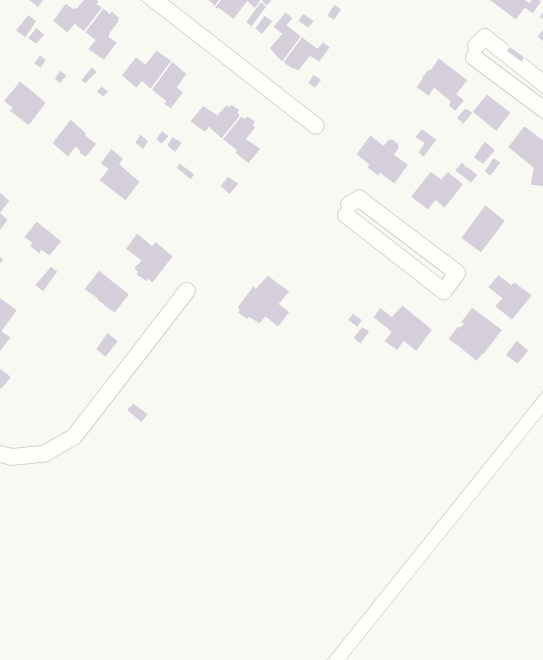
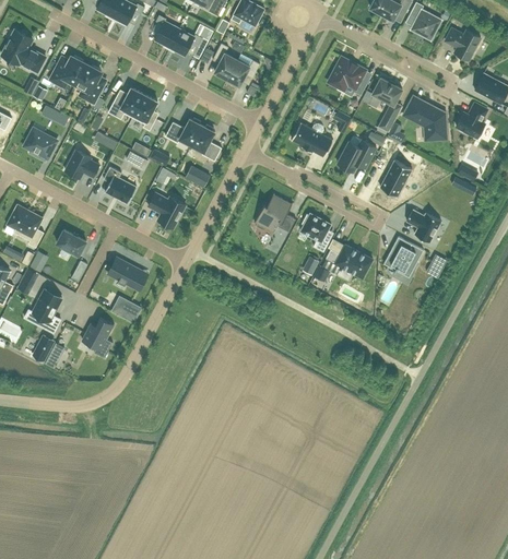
building: [125,232,174,284] -> [147,191,185,227]
building: none -> [296,212,330,251]
building: [236,274,291,329] -> [253,192,295,231]
building: none -> [81,317,114,357]

